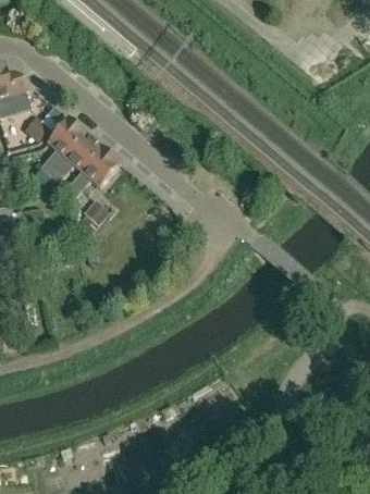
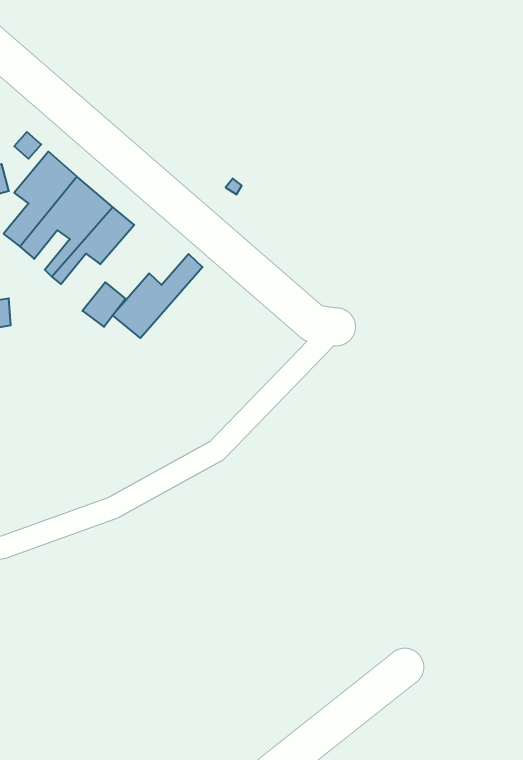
building: none -> [113,254,203,338]

